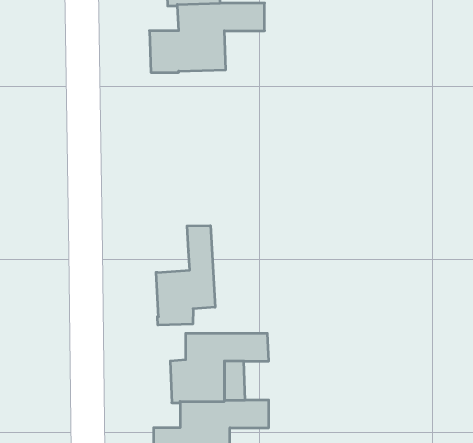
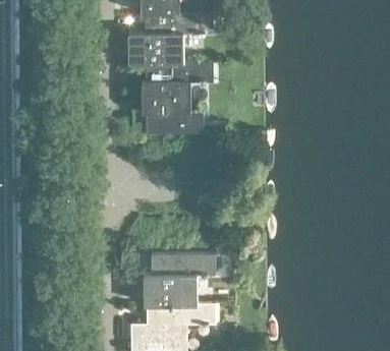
building: none -> [141,61,212,133]
building: [156,226,215,325] -> none

